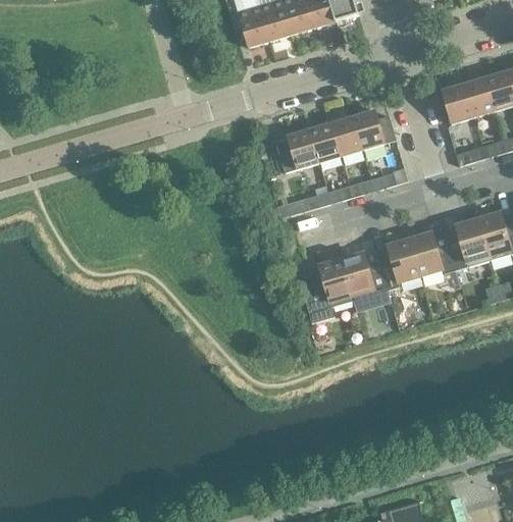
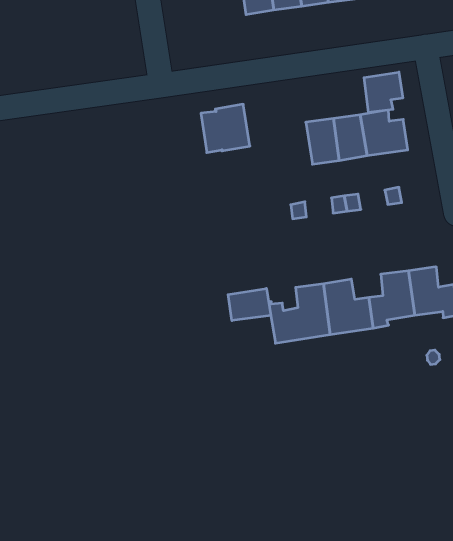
building: none -> [364,72,403,112]
building: [275,128,319,172] -> [201,104,250,153]
building: none -> [228,288,271,321]

